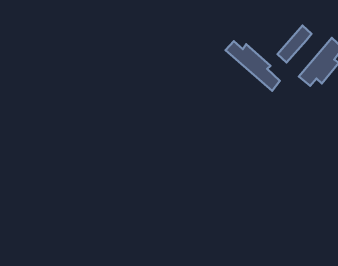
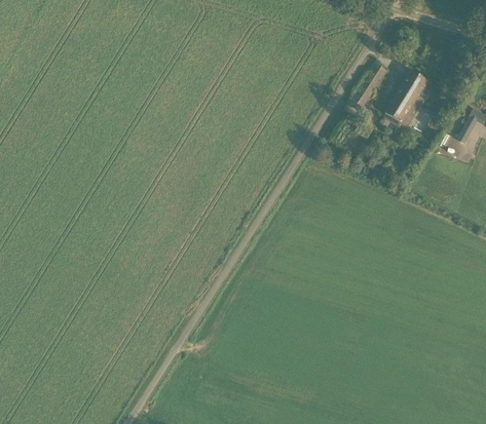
building: [226,41,280,91] -> none

